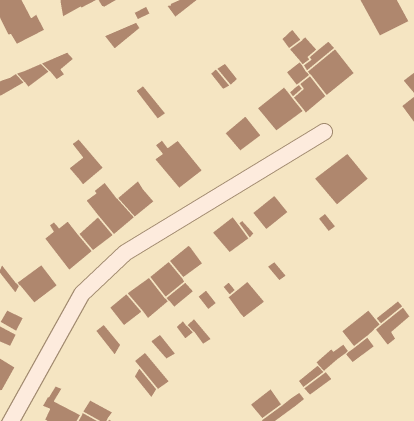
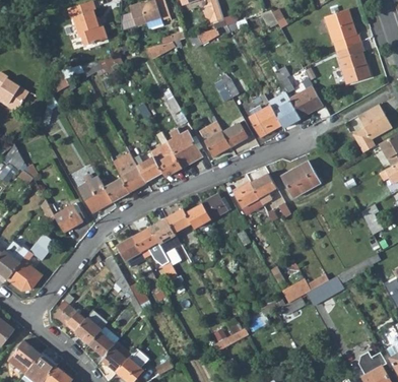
building: none -> [200,122,231,157]
building: [69,138,104,186] -> [157,143,183,178]
building: none -> [251,174,277,204]
building: [228,281,265,318] -> [185,203,211,230]

